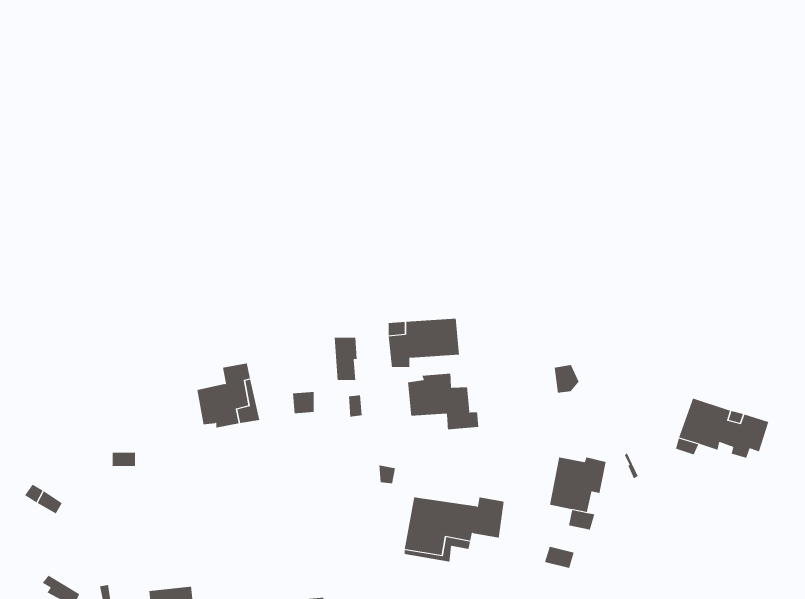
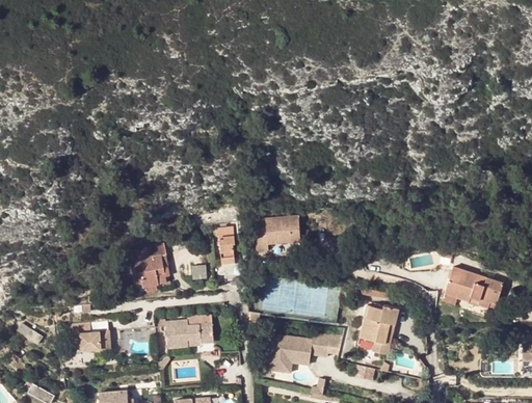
building: [408,373,479,430] -> none
building: none -> [69,323,110,349]
building: none -> [166,323,215,351]

